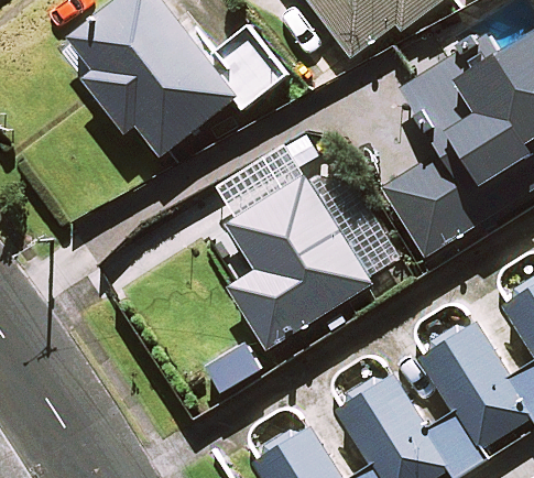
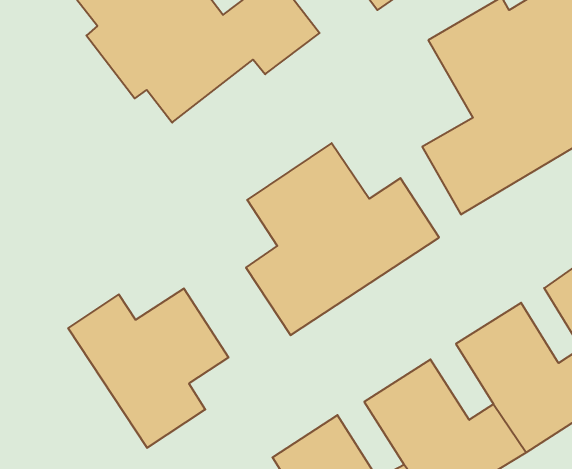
building: none -> [68,288,228,448]

